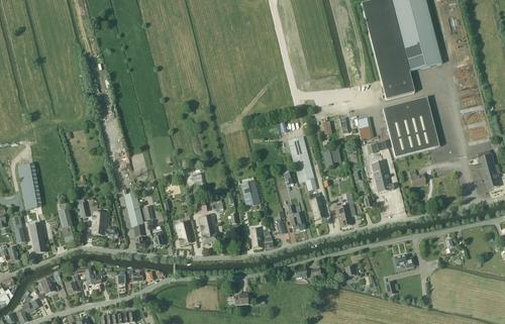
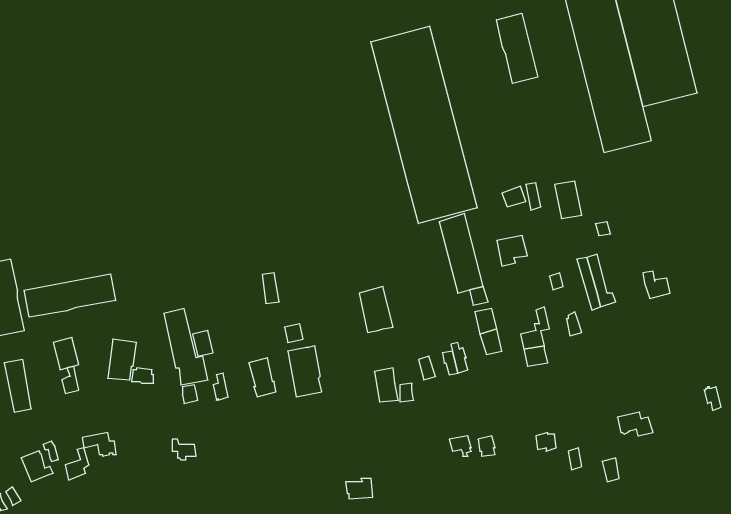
building: none -> [497,13,538,83]
building: none -> [371,26,477,224]
building: [383,97,439,157] -> none
building: none -> [24,274,116,317]

